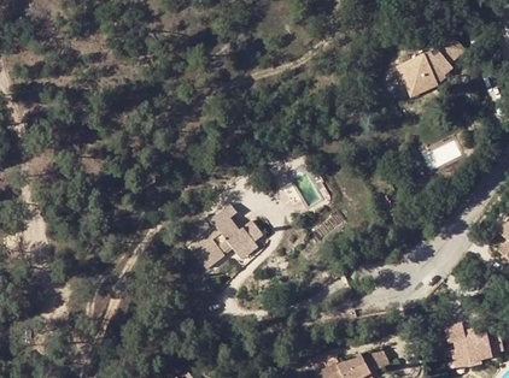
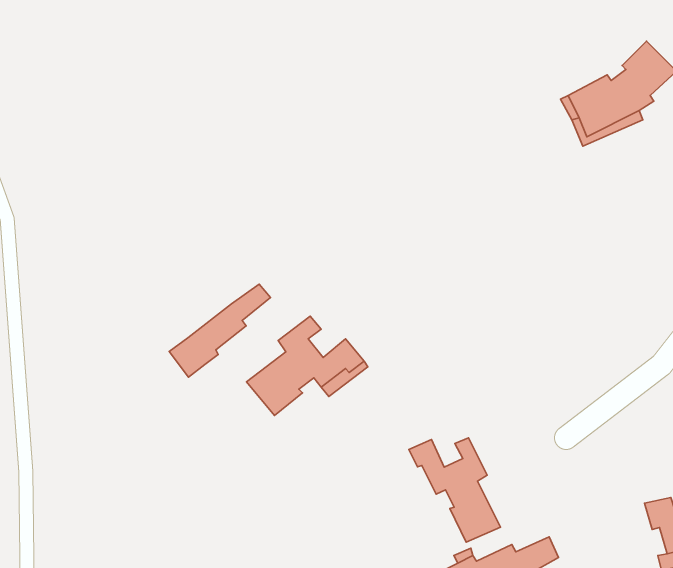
building: none -> [169,284,270,377]
building: none -> [409,438,500,542]

